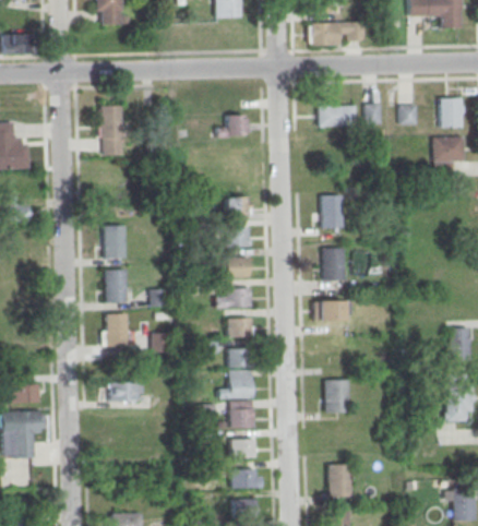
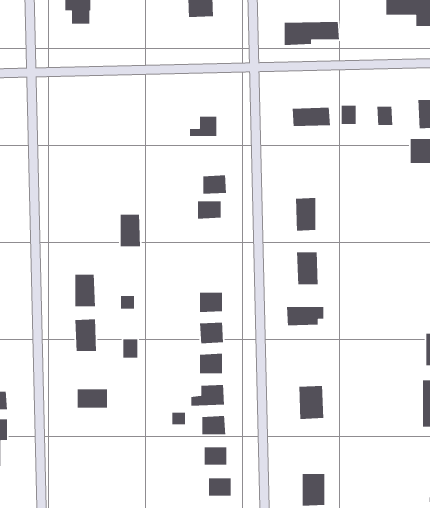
building: [100,106,123,155] -> none
building: [105,226,126,259] -> [120,214,141,247]
building: [226,228,250,248] -> [202,175,227,195]
building: [226,256,250,277] -> none

